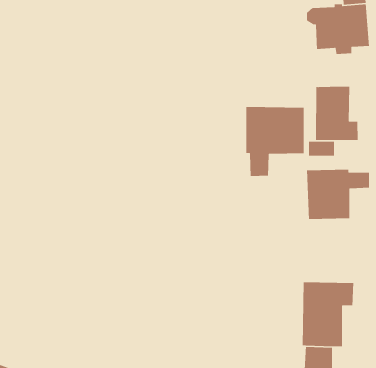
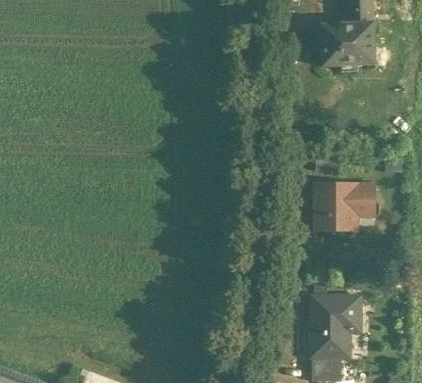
building: [315,86,359,141] -> none
building: [246,106,305,177] -> none

